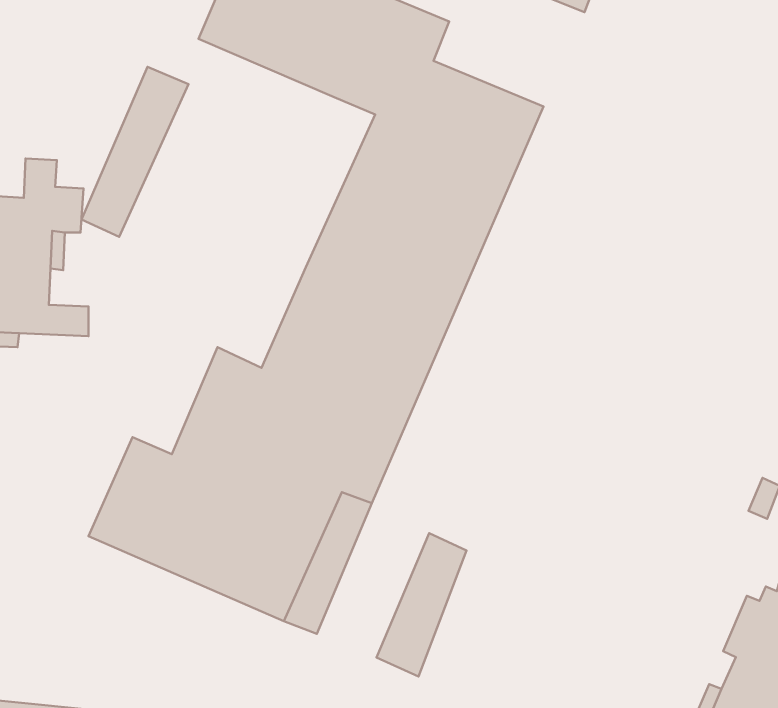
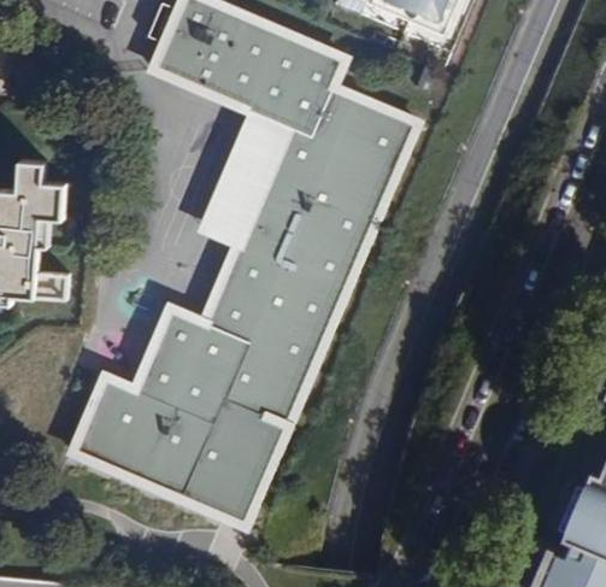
building: [81,67,189,237] -> [206,113,288,243]
building: [377,533,467,677] -> none

